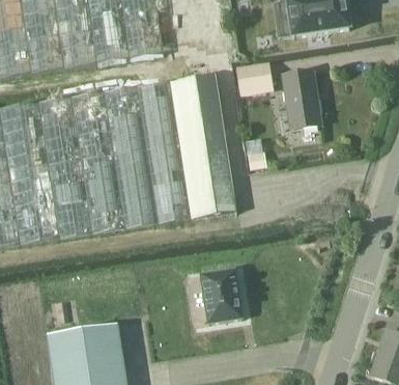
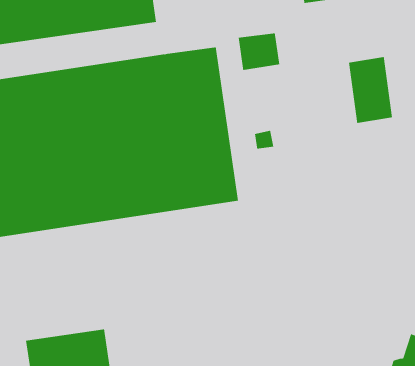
building: [281,70,320,129] -> [348,57,393,123]
building: [200,268,241,323] -> none

